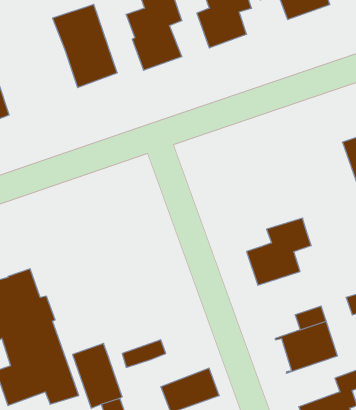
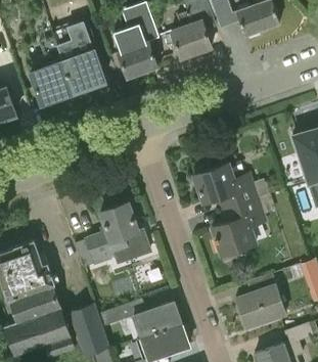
building: none -> [31,62,73,104]
building: none -> [193,164,271,210]
building: none -> [75,205,149,268]
building: none -> [133,303,181,340]

